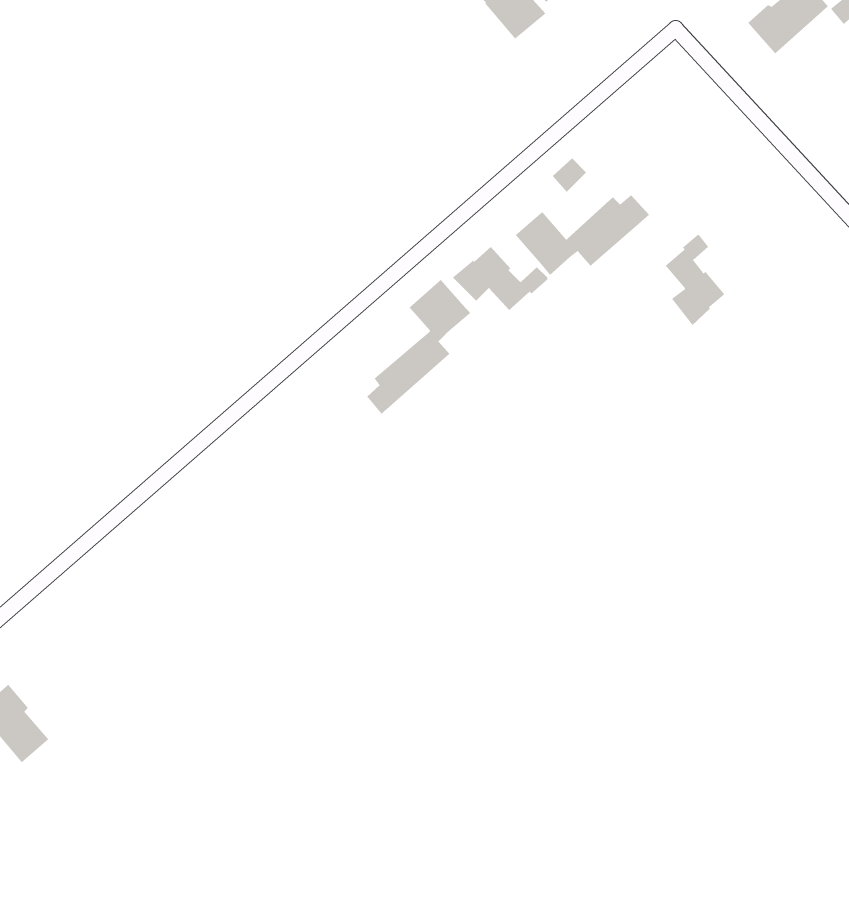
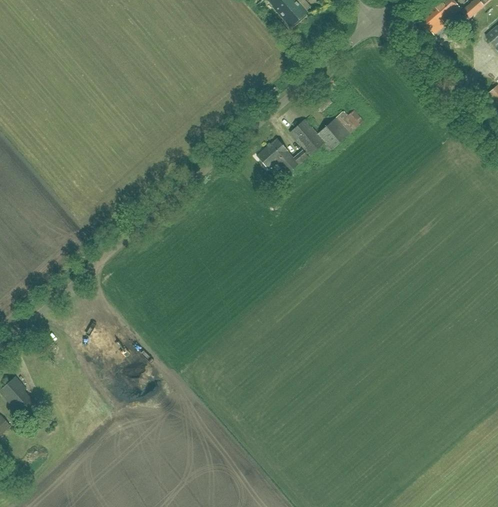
building: [665,234,725,326] -> none
building: [367,279,471,414] -> none

